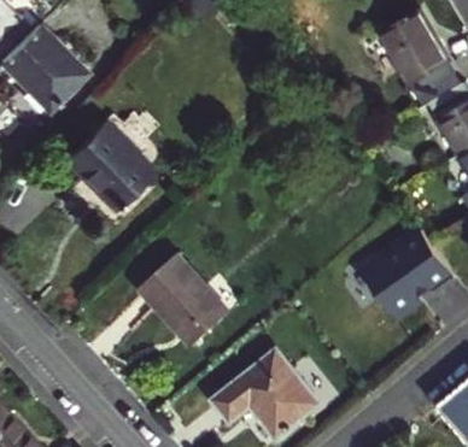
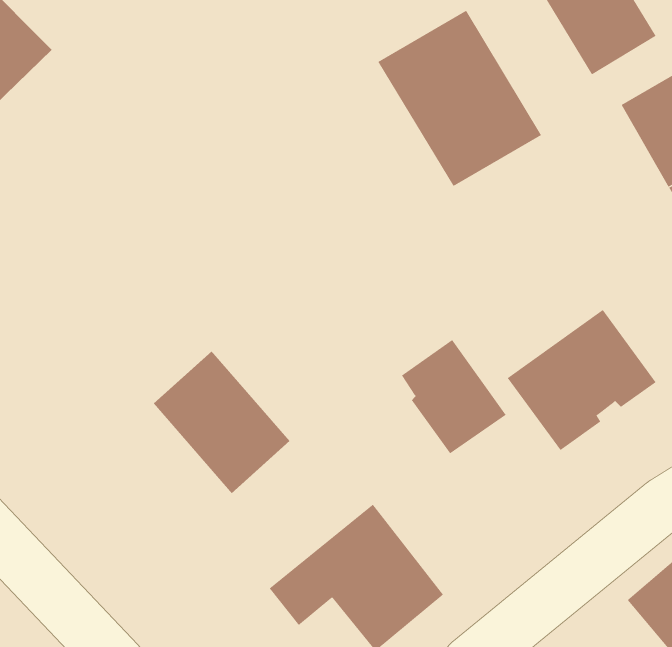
building: none -> [378,10,542,187]
building: [59,108,147,204] -> none
building: none -> [401,339,506,454]

